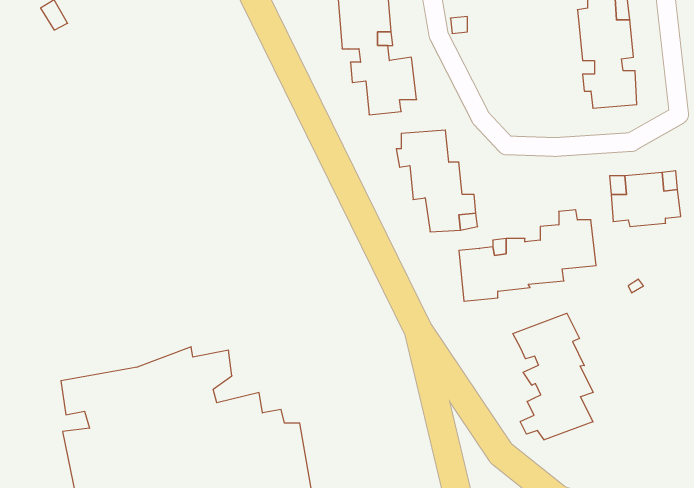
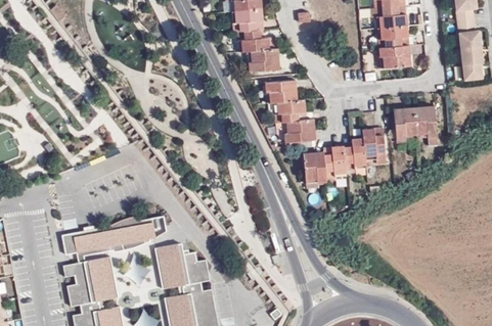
building: [513,313,593,440] -> none

